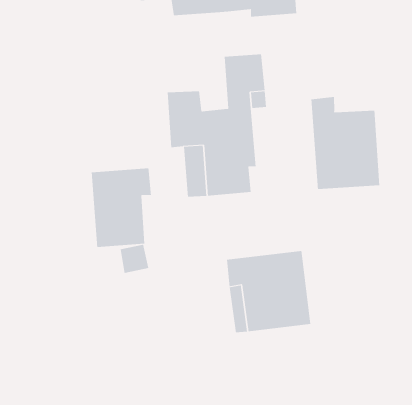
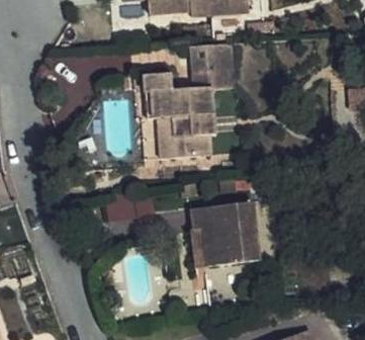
building: [311,96,380,190] -> none
building: [91,167,152,248] -> none

